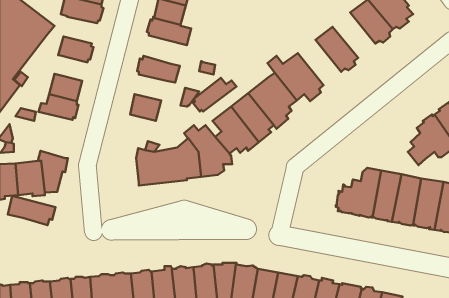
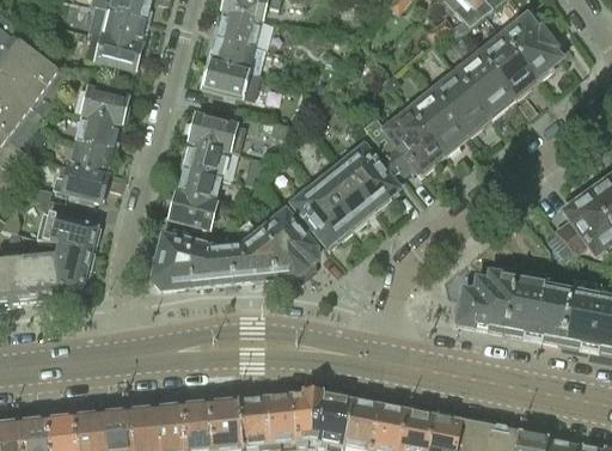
building: none -> [451,55,508,116]
building: none -> [404,92,463,153]
building: none -> [76,112,120,147]
building: none -> [184,139,227,173]
building: [193,78,237,112] -> none
building: none -> [167,193,215,227]
building: none -> [154,232,190,288]
building: [8,196,56,225] -> [37,212,102,251]

